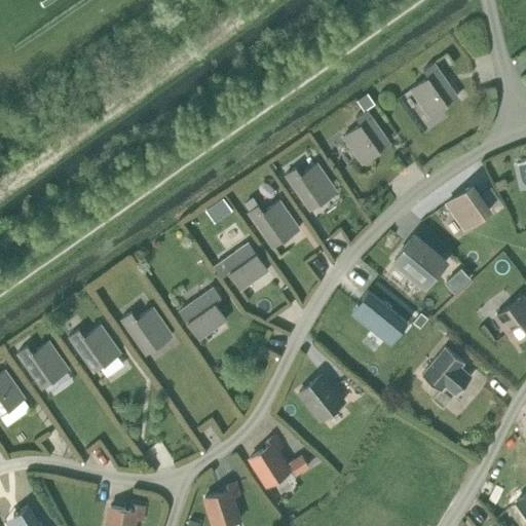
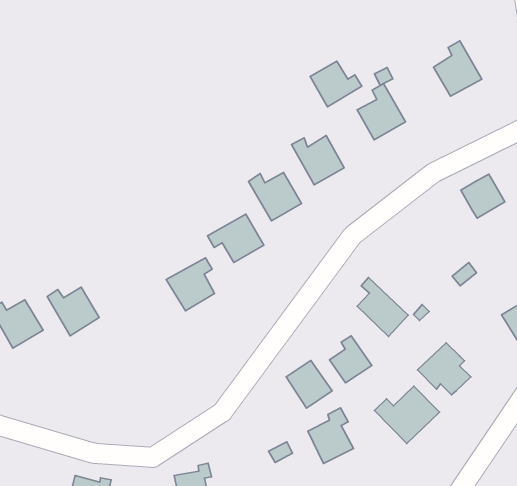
building: none -> [310,61,362,107]
building: [394,237,446,288] -> none
building: [122,309,173,355] -> none
building: none -> [330,336,372,383]
building: none -> [375,386,439,444]
building: [249,436,293,489] -> [308,408,353,463]

